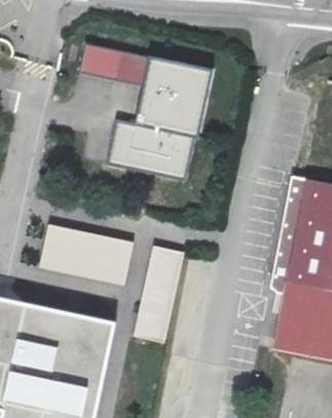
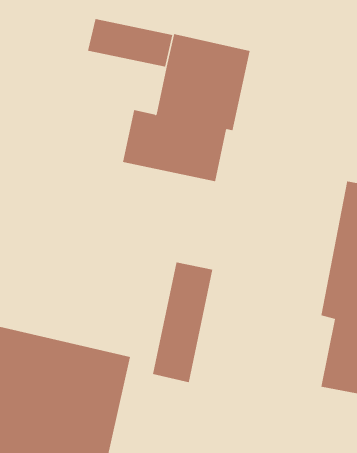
building: [40,224,136,284] -> none

